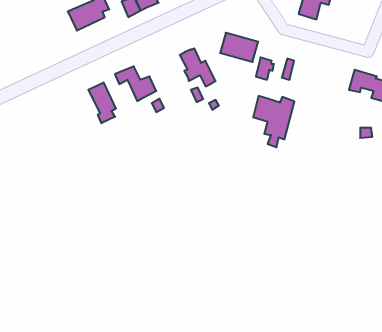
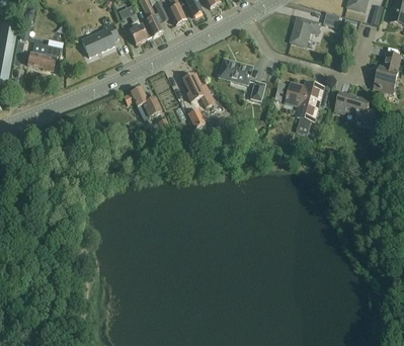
building: none -> [26,45,61,70]
building: [88,82,116,123] -> none
building: [253,96,294,147] -> [286,82,323,128]

